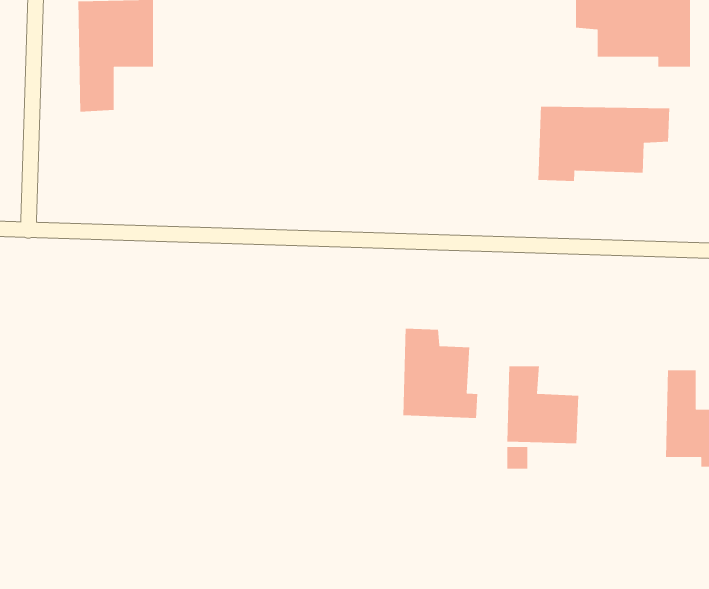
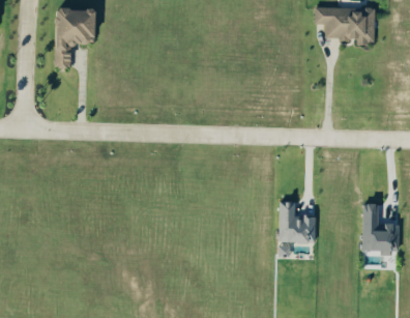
building: [538,106,670,182] -> none
building: [402,328,478,419] -> none

